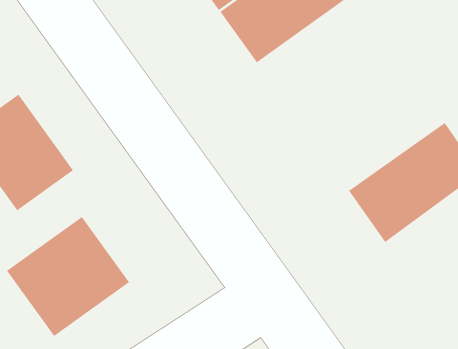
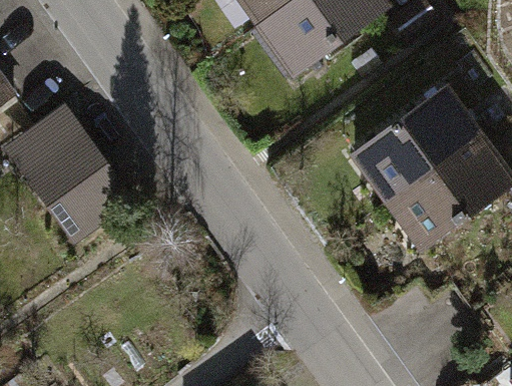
building: none -> [350,85,481,203]
building: [6,216,130,337] -> none

